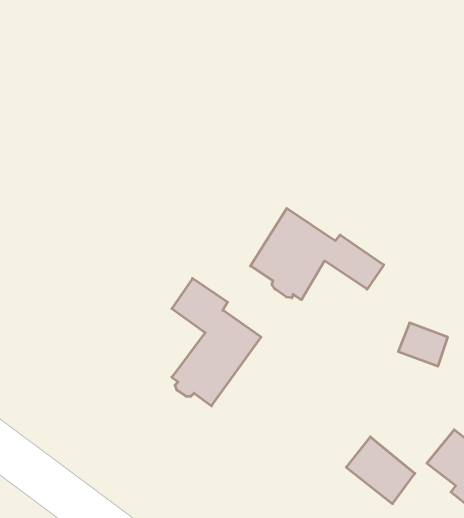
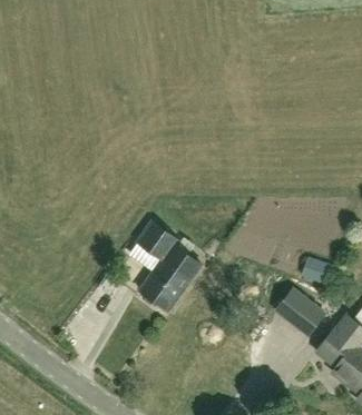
building: [250,208,384,300] -> none
building: [346,437,415,504] -> [277,289,325,336]

